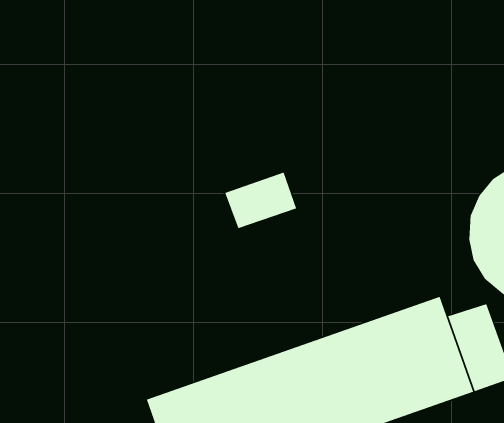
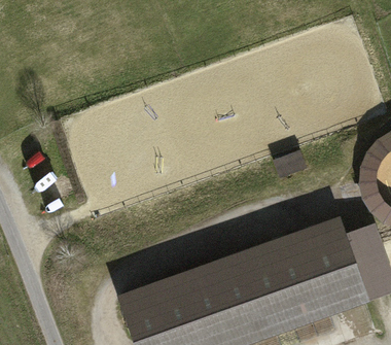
building: [224,171,297,229] -> none

